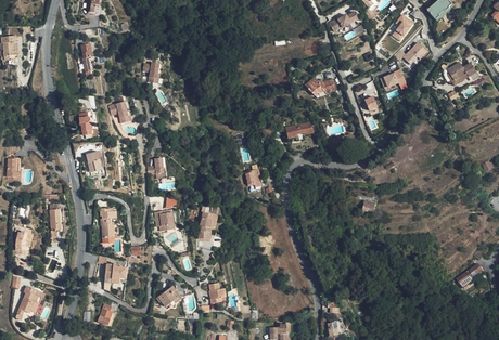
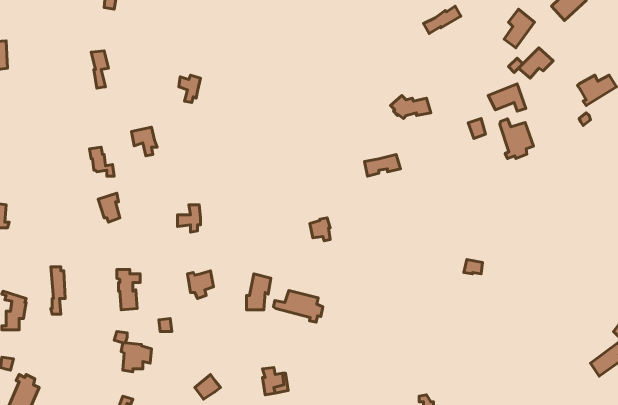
building: none -> [500,119,534,159]
building: none -> [273,290,323,322]

